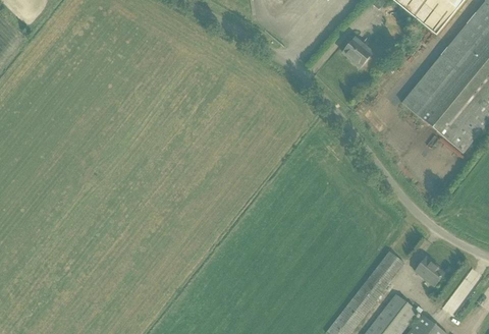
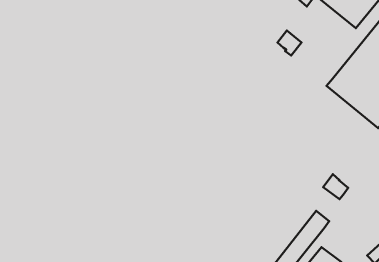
building: [415,257,444,286] -> [323,174,348,199]

